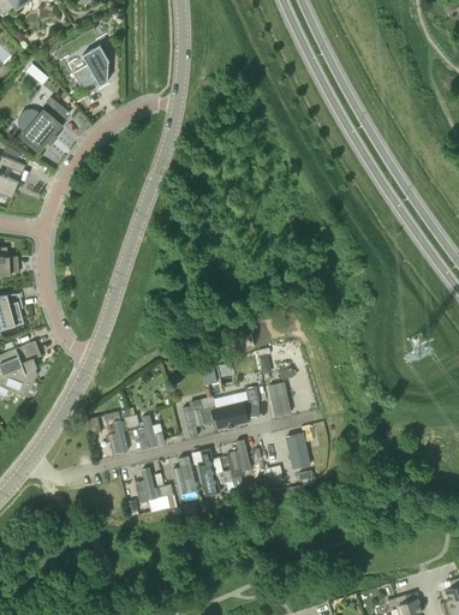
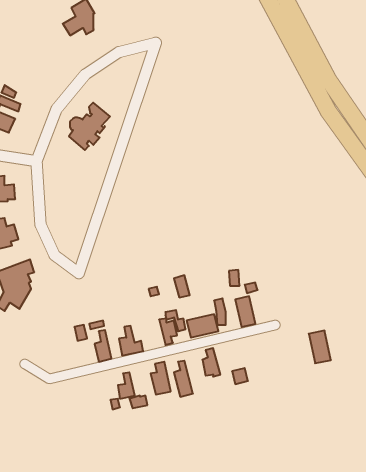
building: [22,97,68,151] -> [69,103,110,150]
building: [285,435,310,472] -> [309,331,331,363]

